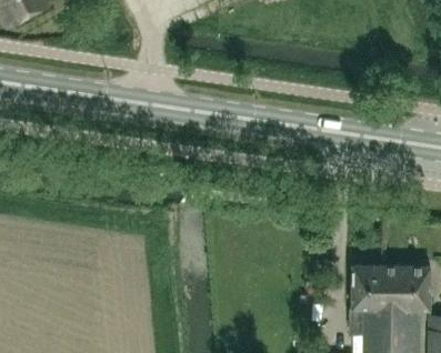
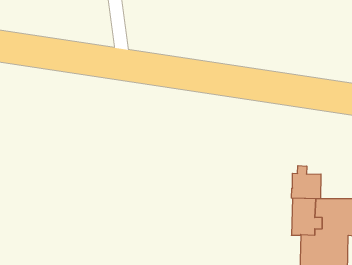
building: none -> [291,166,321,199]

